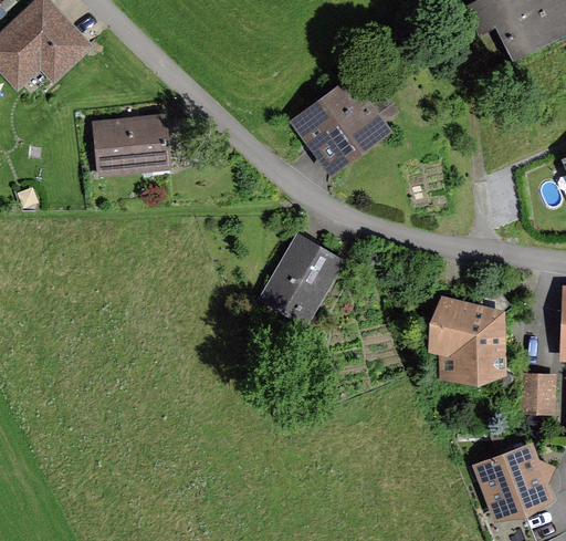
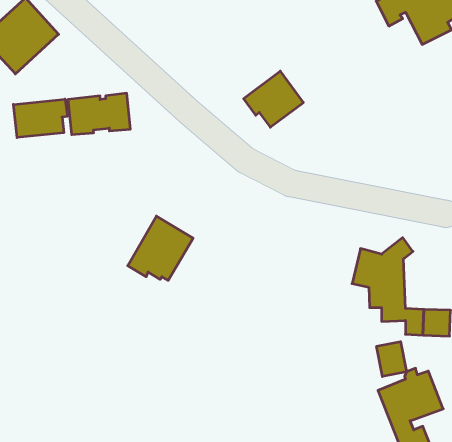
building: none -> [13,99,67,138]
building: [263,235,342,312] -> [128,216,193,280]
building: none -> [377,342,406,377]

